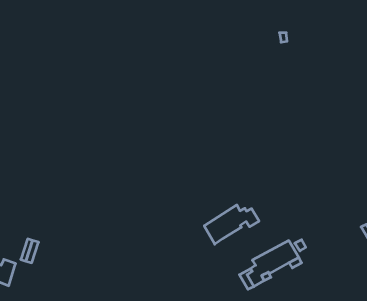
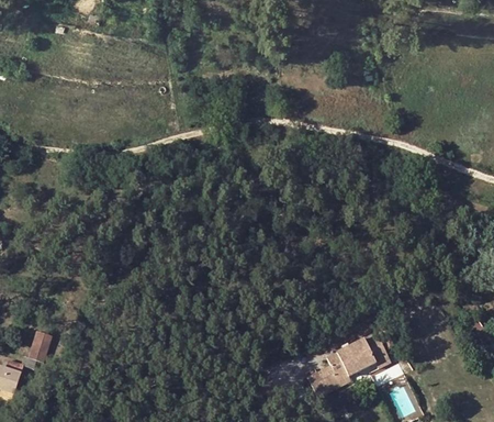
building: [204,205,259,244] -> none

